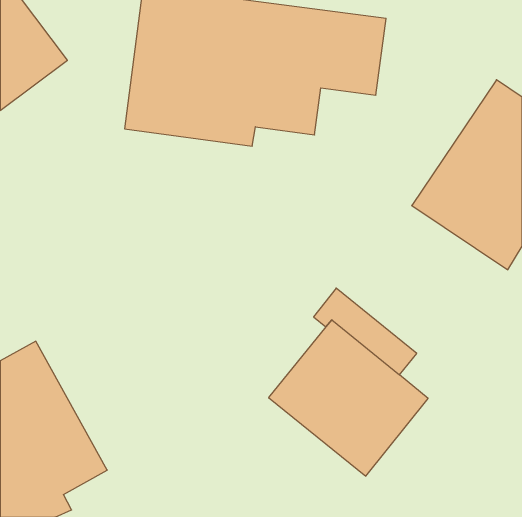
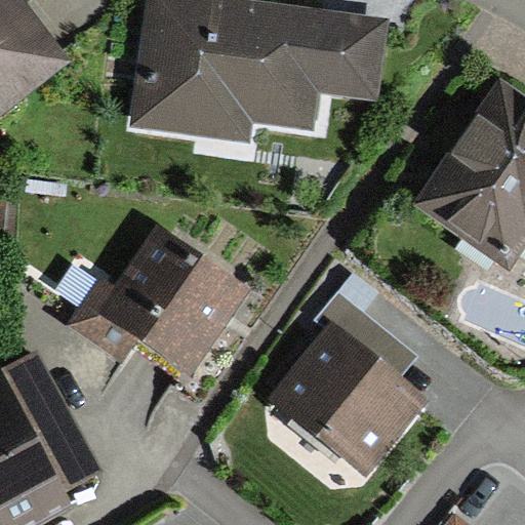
building: none -> [62,221,251,377]

